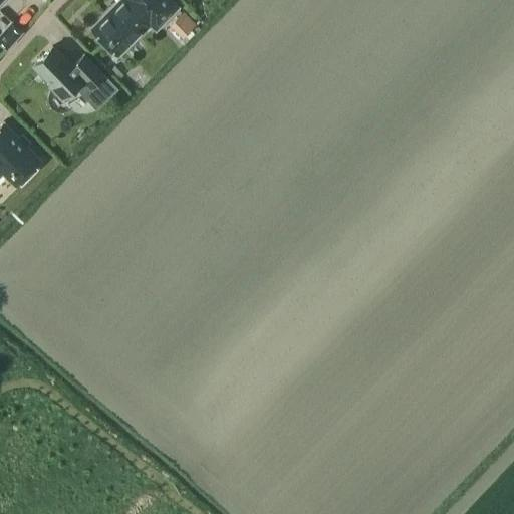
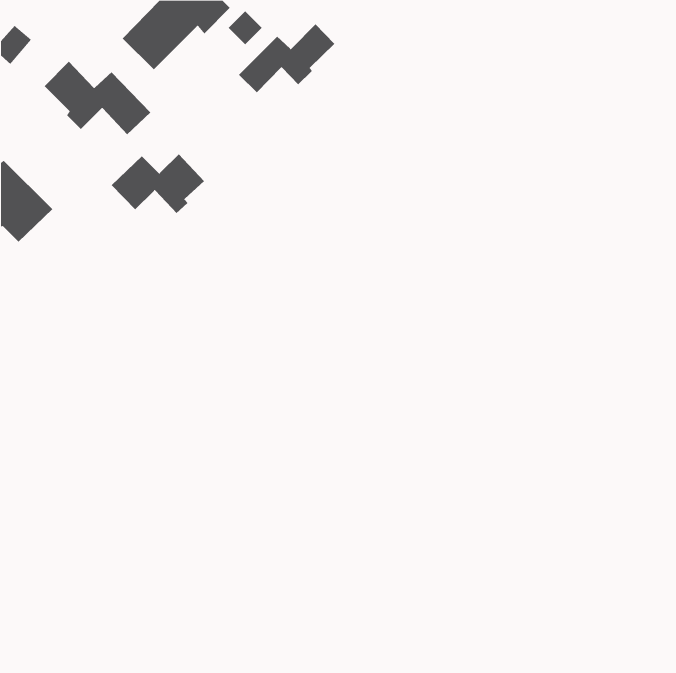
building: none -> [238,24,335,93]
building: none -> [111,154,205,214]

